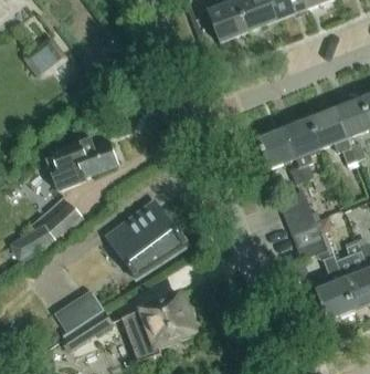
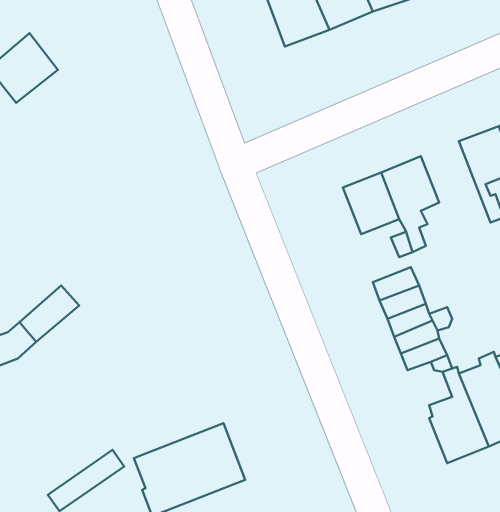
building: [310,105,357,163] -> none
building: [47,136,117,190] -> none
building: [107,206,191,279] -> none
building: [55,290,103,332] -> none

